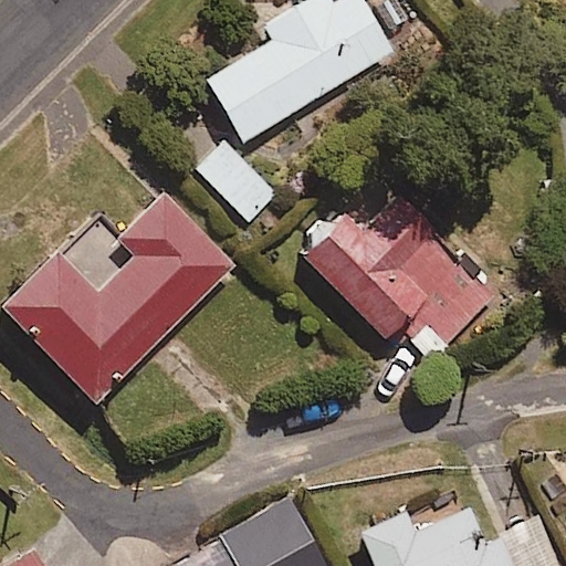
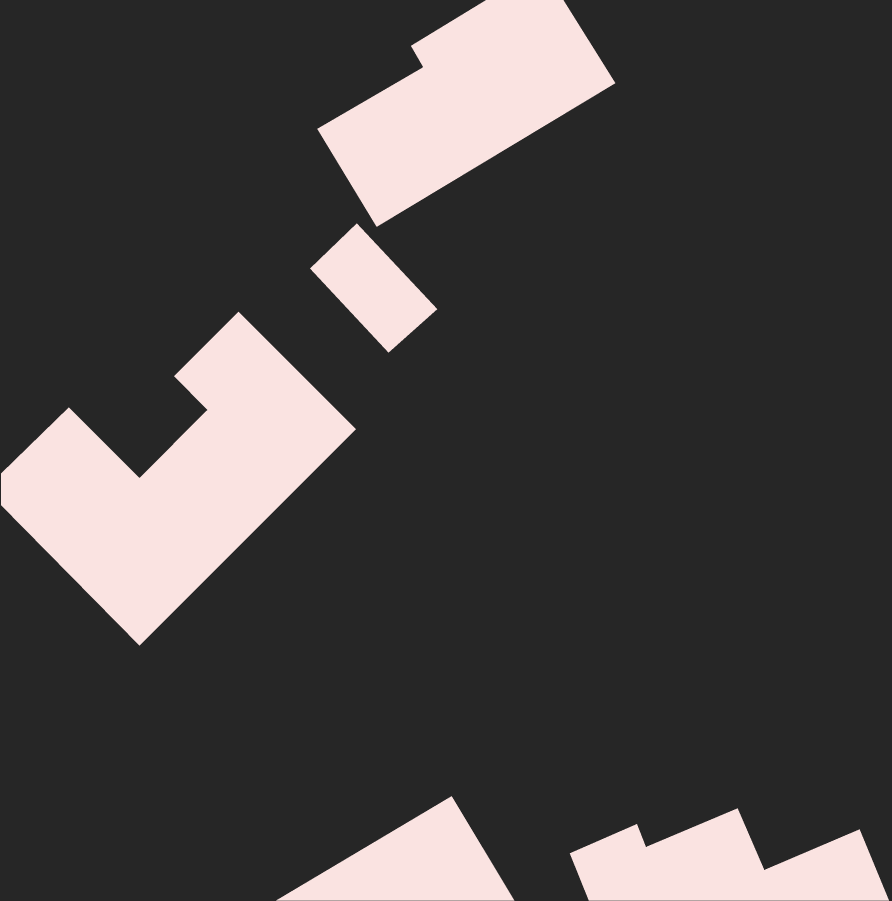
building: [300,175,499,359] -> none

